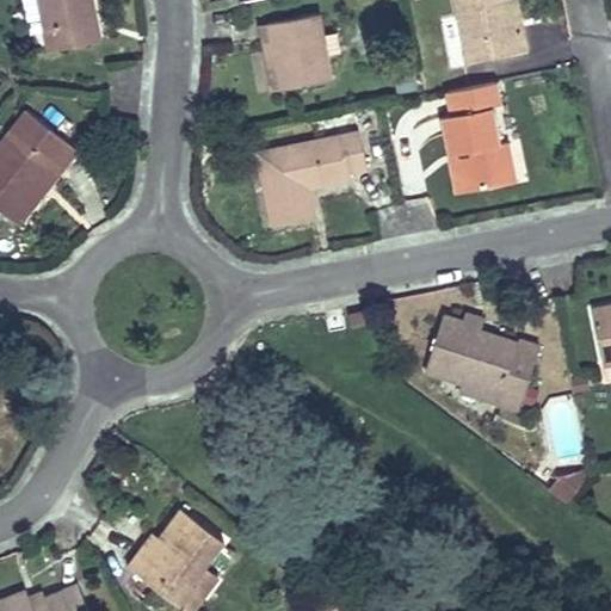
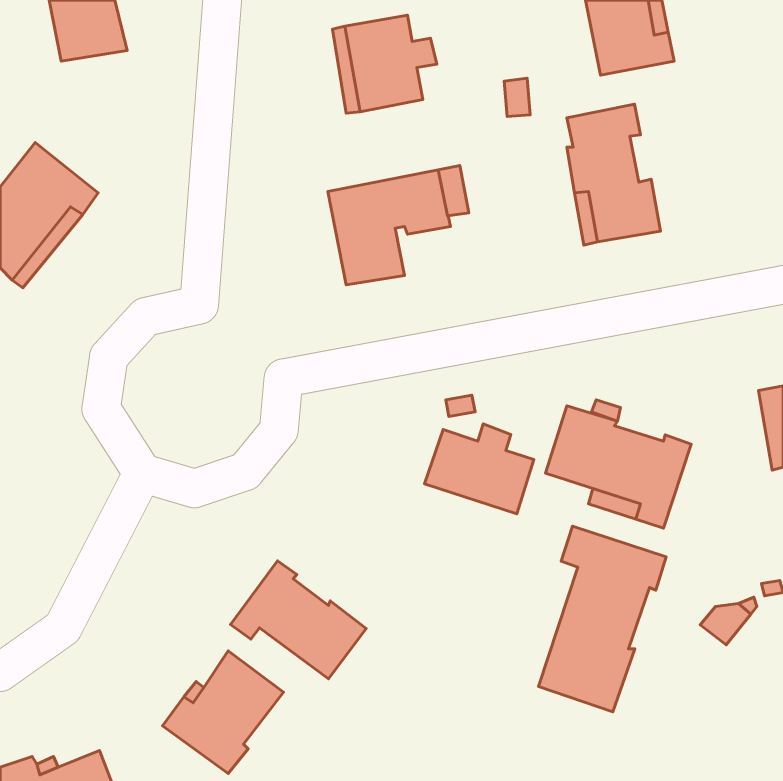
building: none -> [424,424,534,514]
building: none -> [538,526,666,712]
building: none -> [231,561,366,679]

